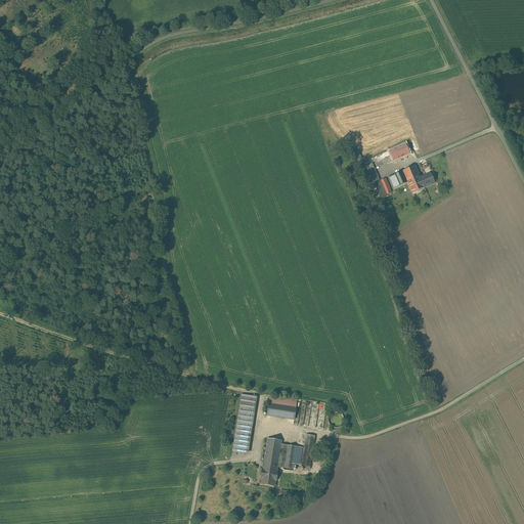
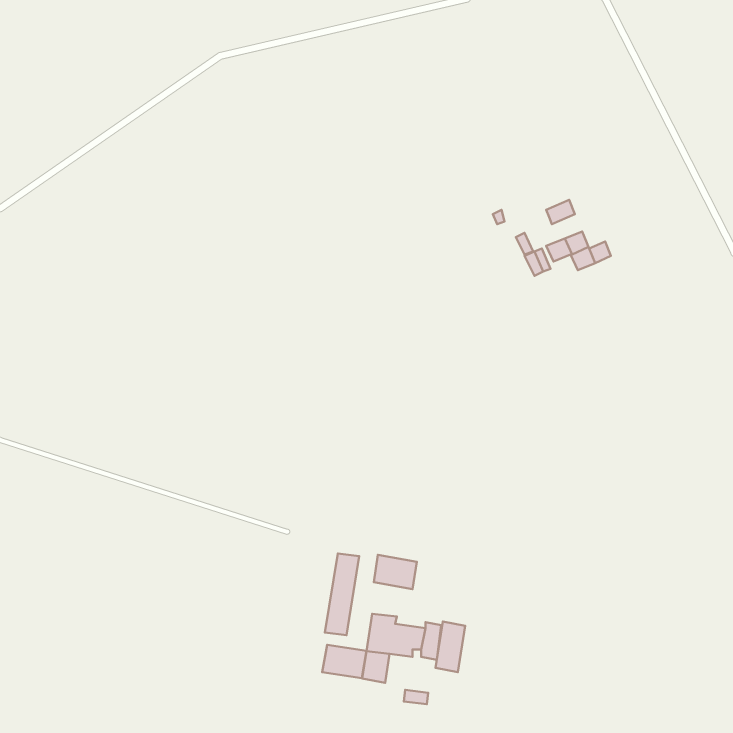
building: none -> [436,621,465,672]
building: none -> [322,645,367,678]

